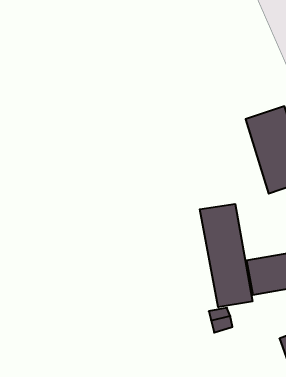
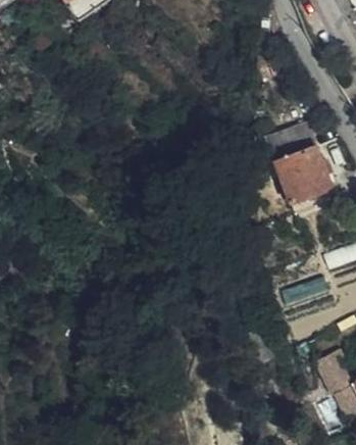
building: [200,204,252,307] -> none

